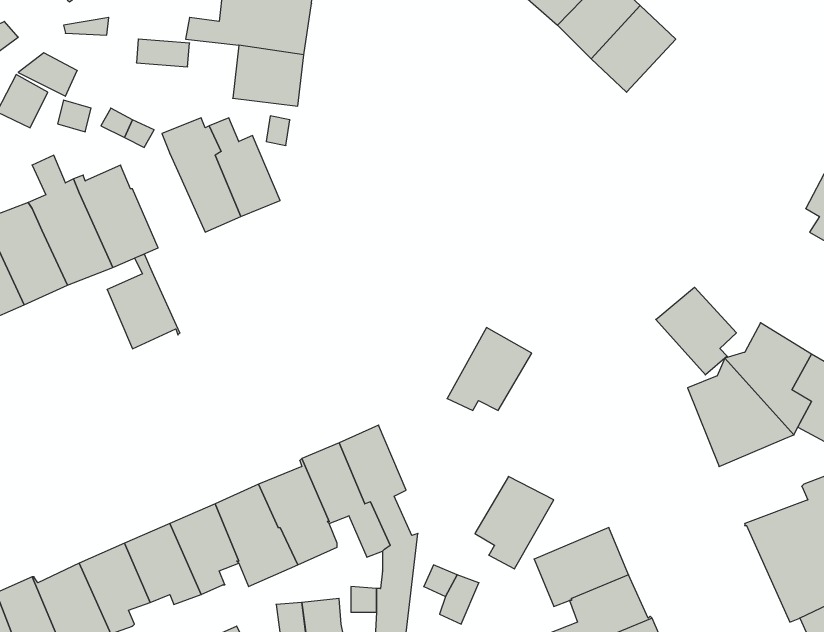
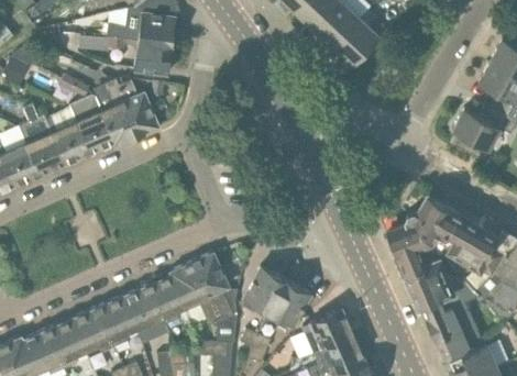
building: [107,254,180,349] -> [76,101,117,154]
building: [656,287,736,375] -> none
building: [447,328,532,410] -> [239,267,286,313]
building: none -> [404,261,453,308]

